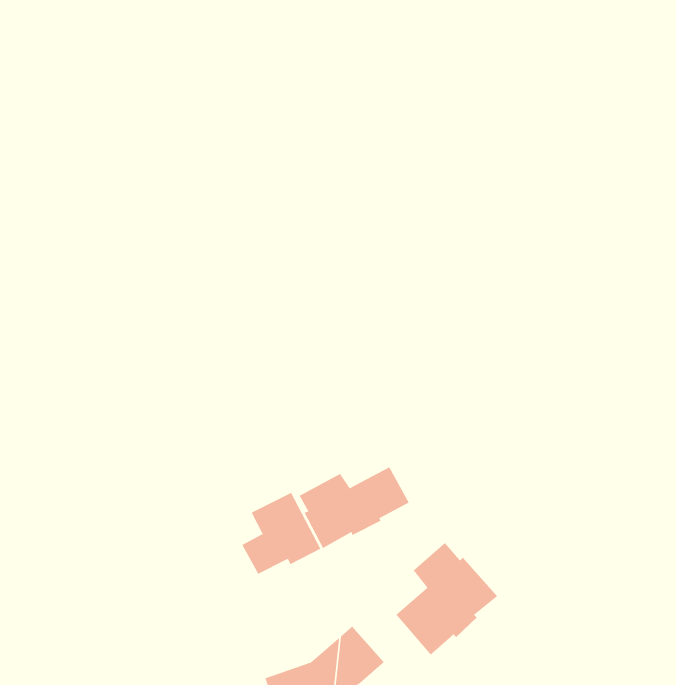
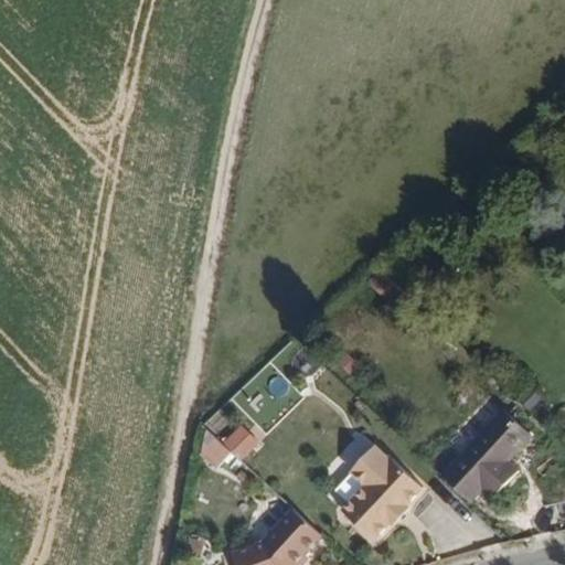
building: [299,466,410,549] -> none
building: none -> [436,407,530,499]

